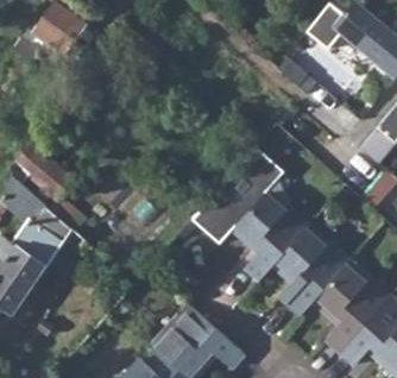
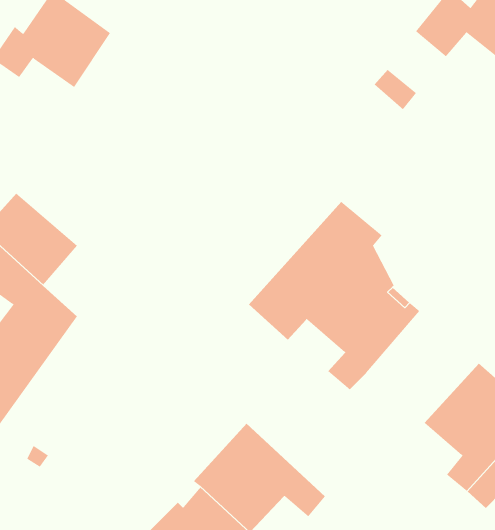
building: [272,225,349,315] -> none

